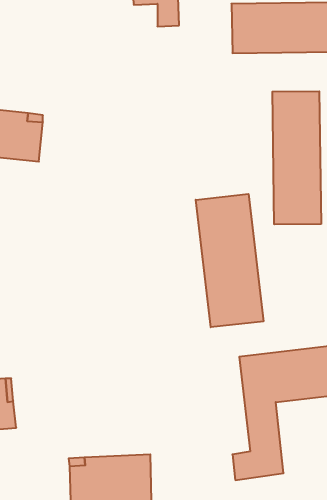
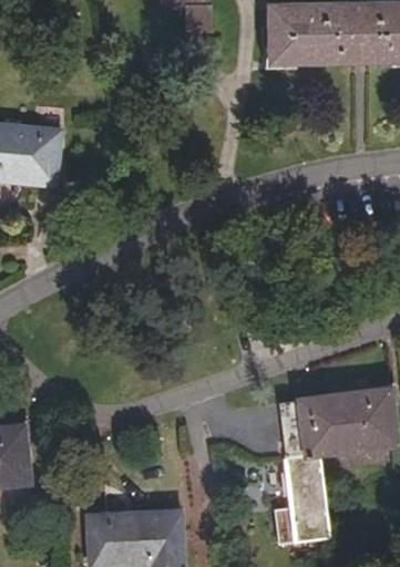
building: [272,91,321,224] -> none
building: [196,194,263,327] -> none

